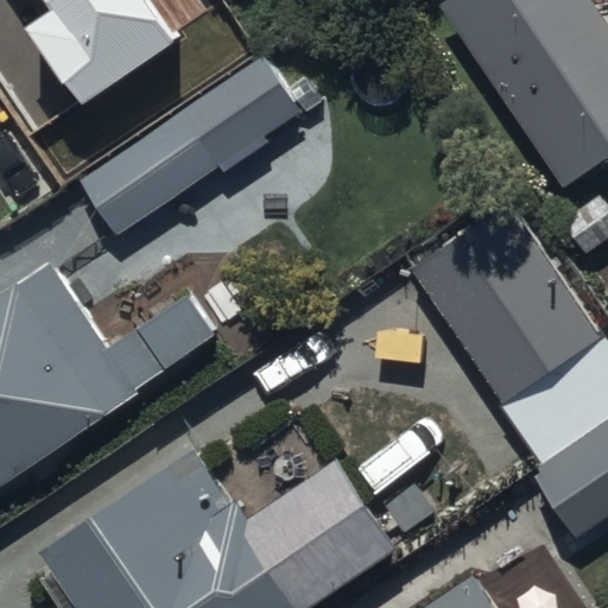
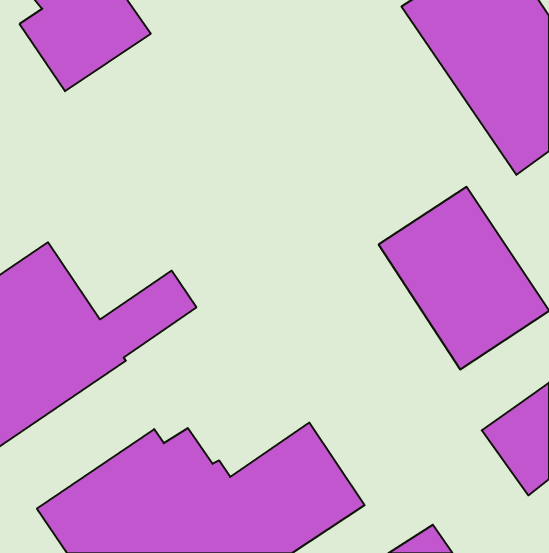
building: [76,36,325,235] -> none

